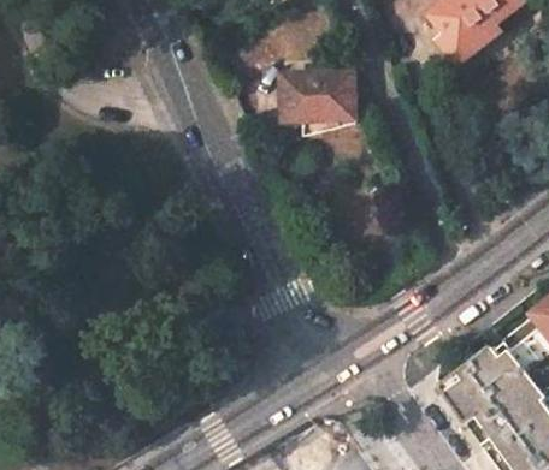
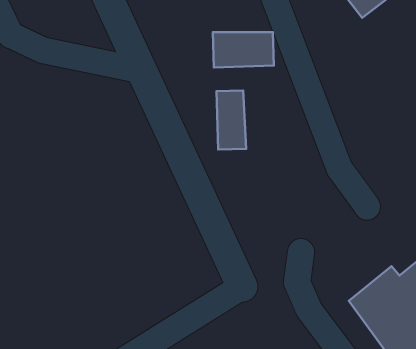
building: none -> [217,90,246,150]

